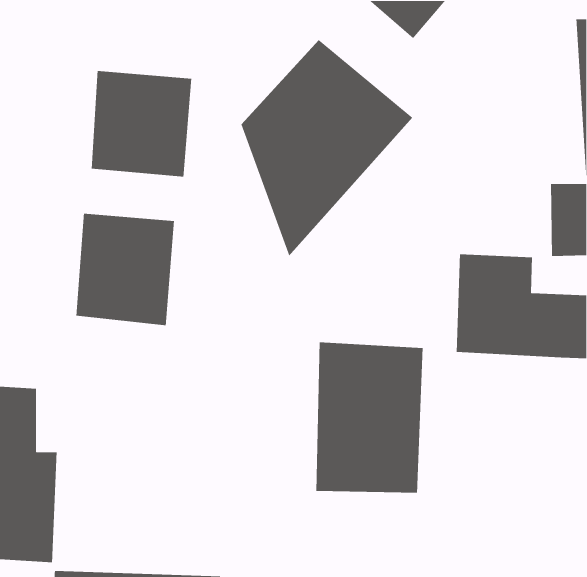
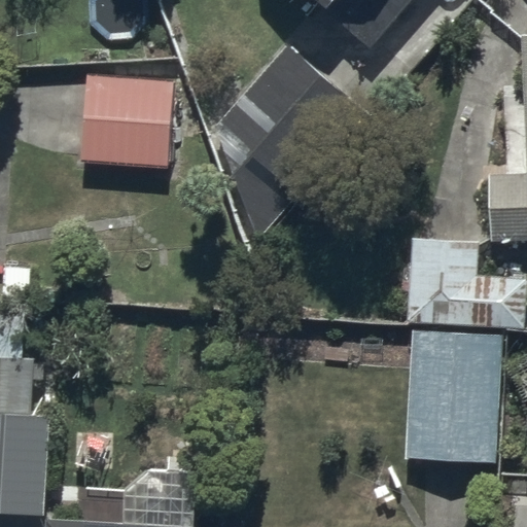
building: [75,213,175,326] -> none
building: [315,342,424,494] -> [405,325,501,461]

